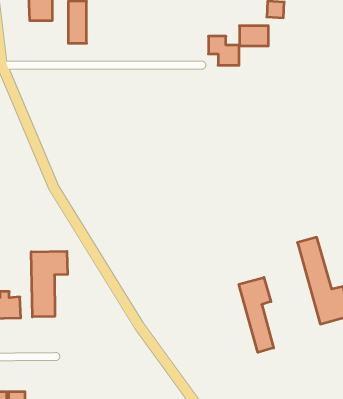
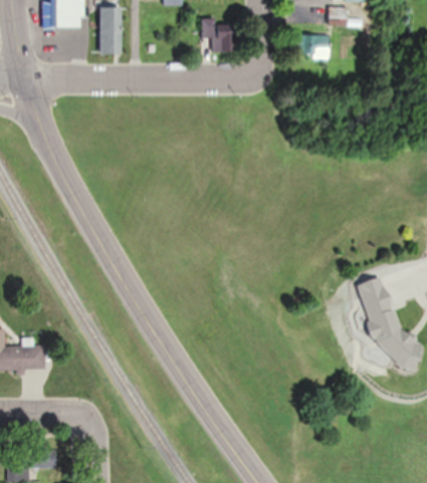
building: [208,36,239,65] -> [200,20,235,53]
building: [31,251,68,317] -> none
building: [239,277,274,352] -> none

